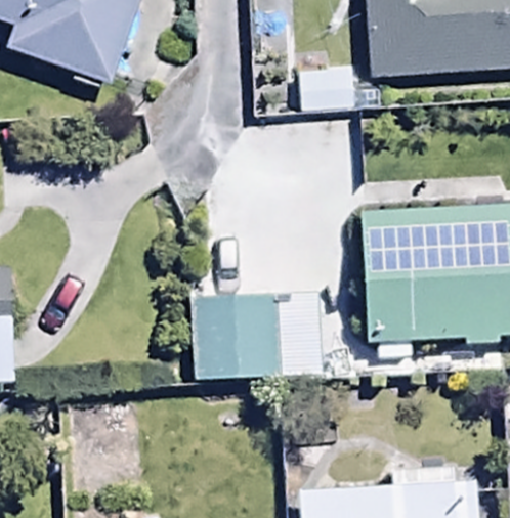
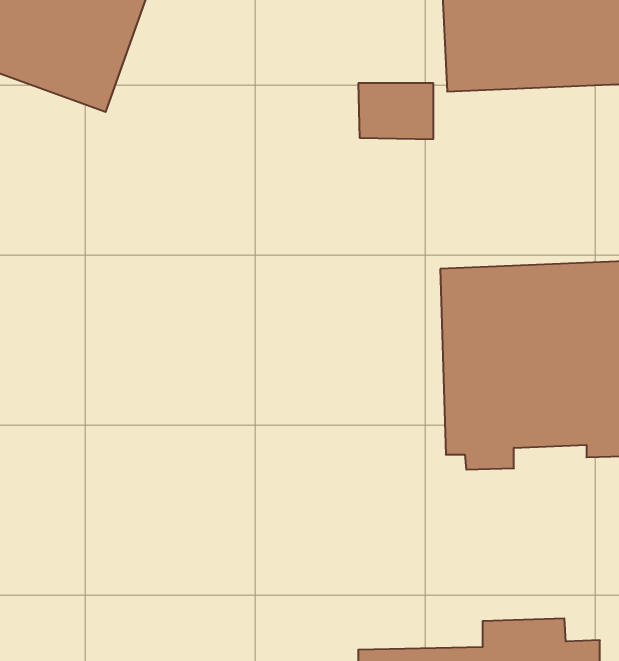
building: [194,293,324,380] -> none

